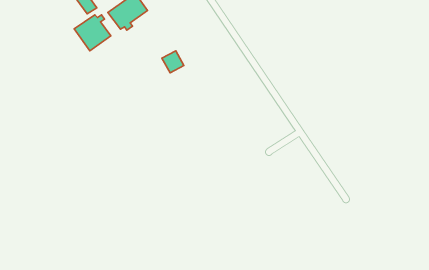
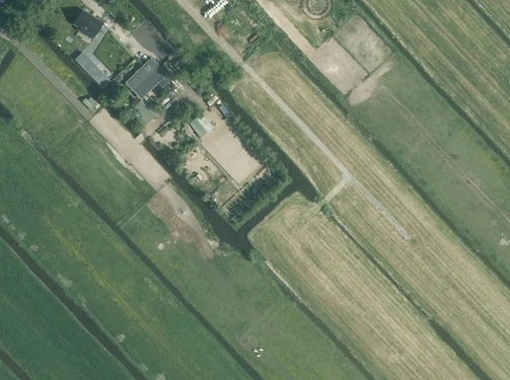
building: [74,15,111,51] -> none

